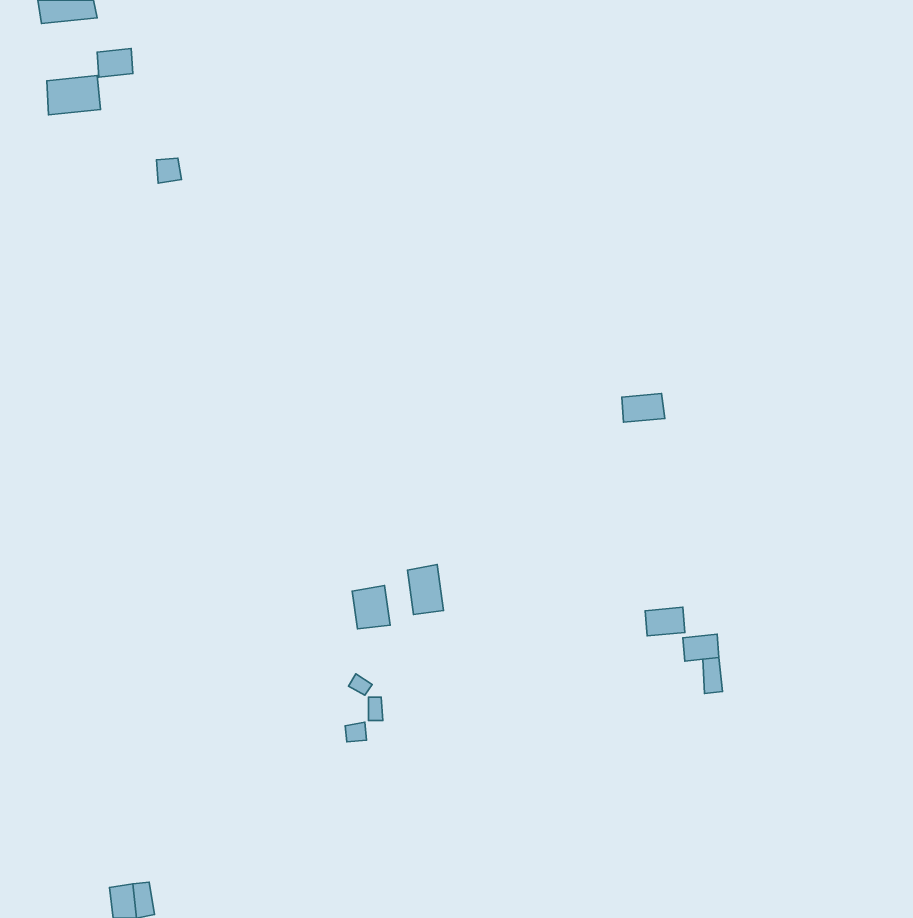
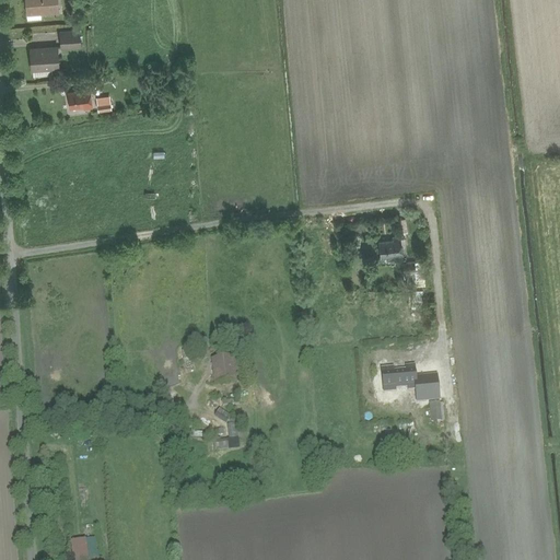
building: none -> [67,90,93,109]
building: [408,565,444,614] -> none

